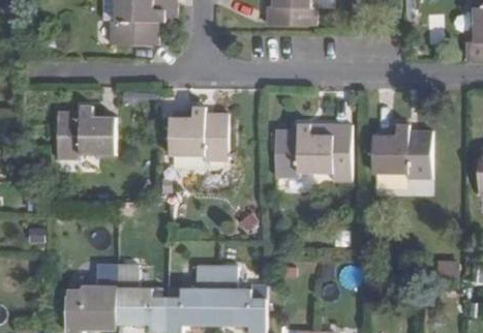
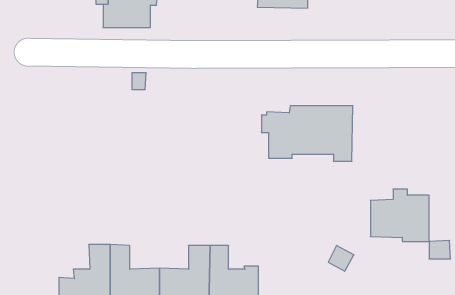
building: [57,101,114,157] -> none
building: [169,107,229,160] -> none
building: [372,125,431,178] -> [370,189,429,241]

